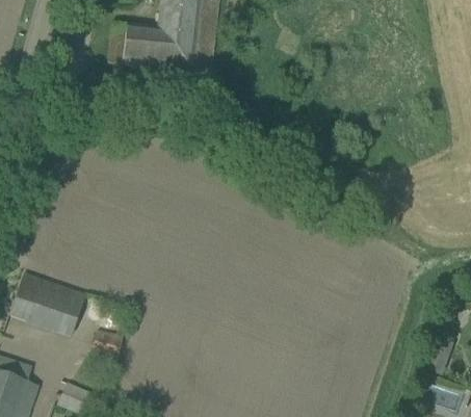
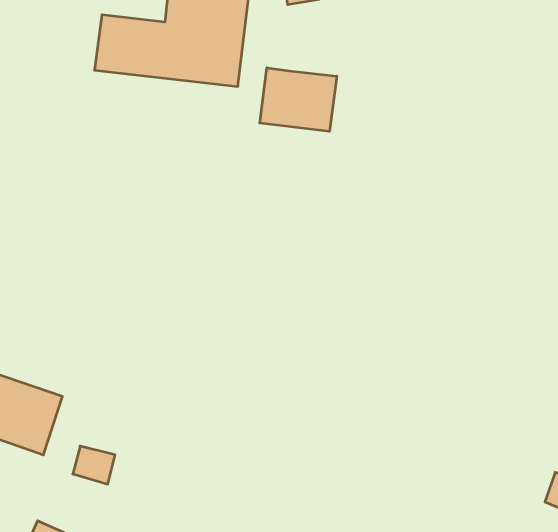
building: none -> [260,68,337,131]

